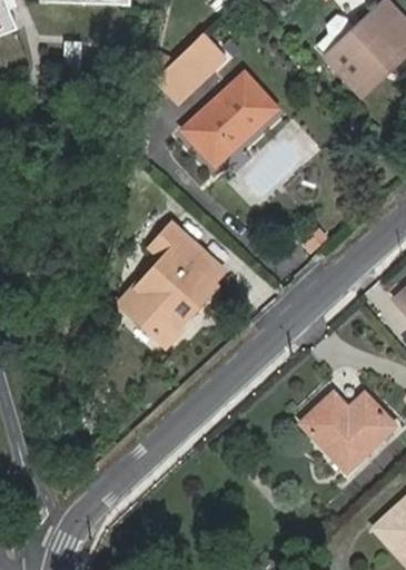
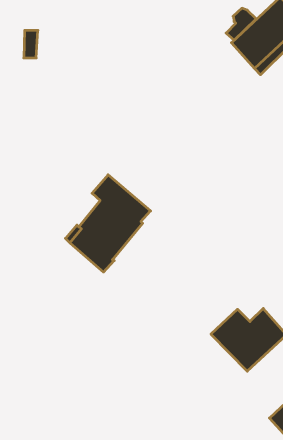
building: [155,37,219,99] -> none
building: [181,71,278,165] -> none

